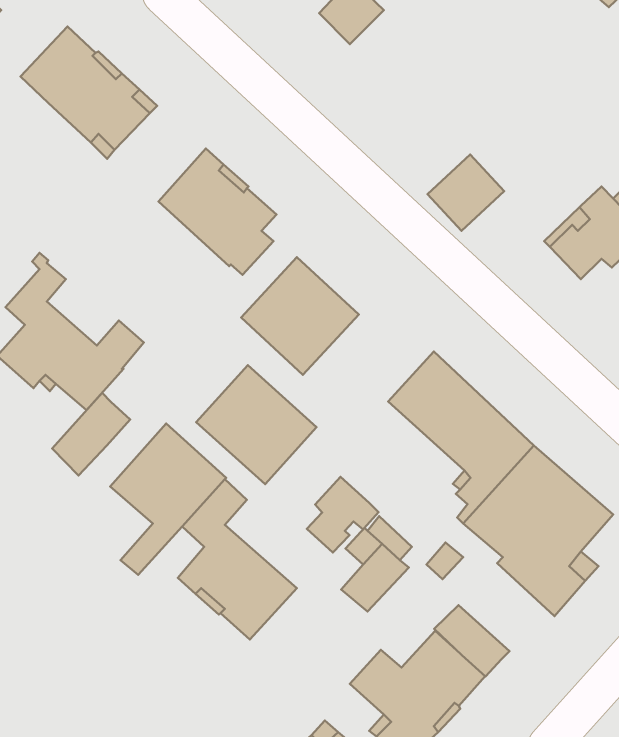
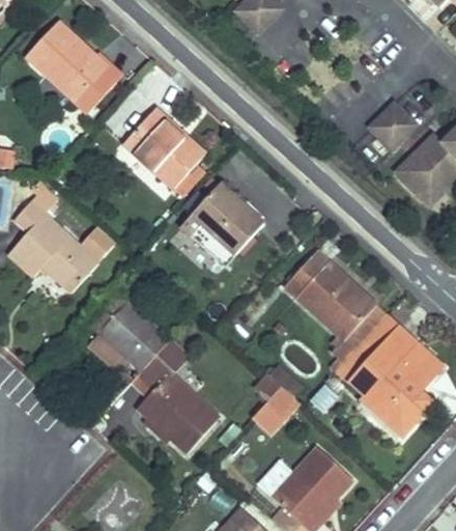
building: [428,154,504,231] -> [365,99,419,152]
building: [196,365,316,484] -> none
building: [52,393,130,475] -> none
building: [307,477,379,553] -> none
building: [434,605,510,676] -> none

